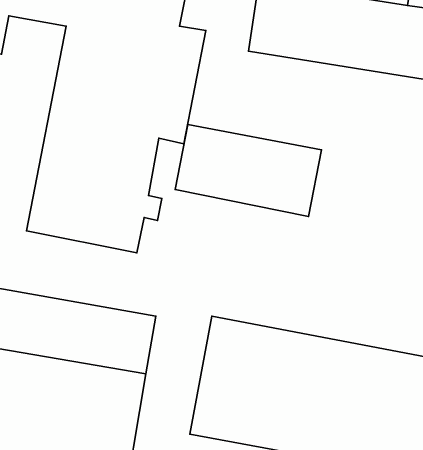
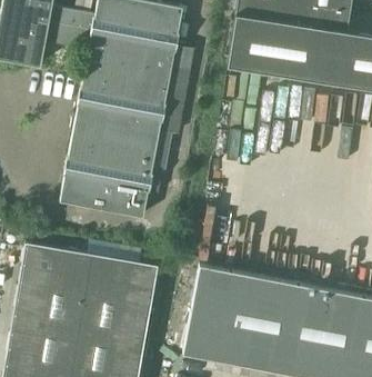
building: [175,124,322,217] -> none

